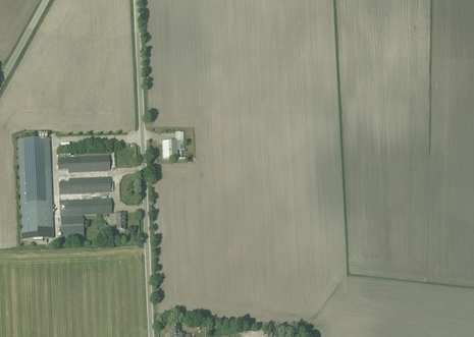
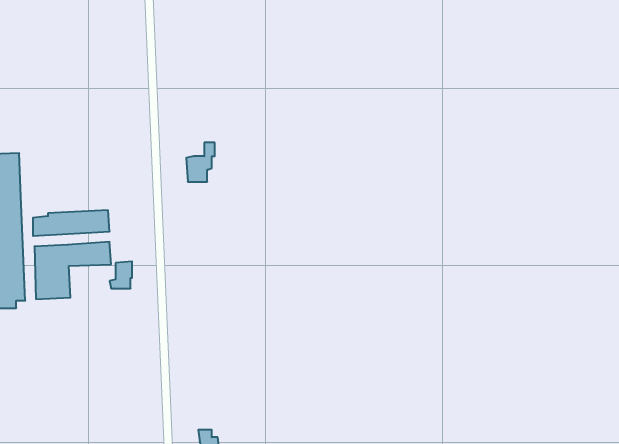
building: [58,155,110,171] -> none

